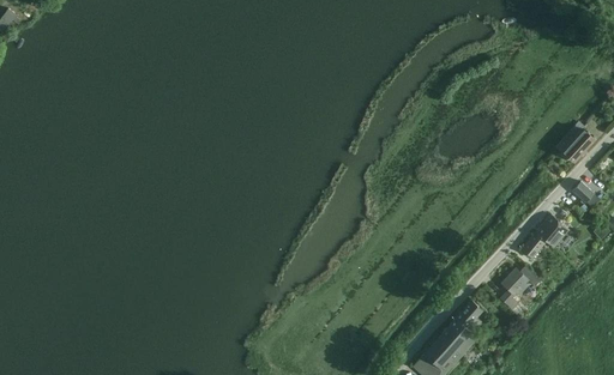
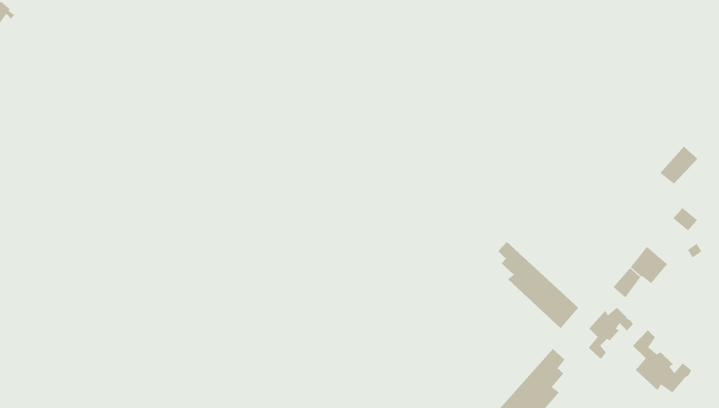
building: none -> [497,241,579,329]
building: none -> [631,329,692,393]

